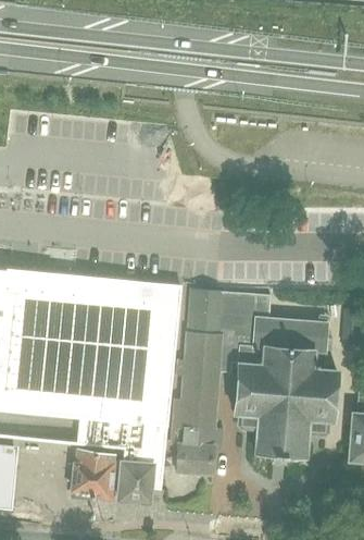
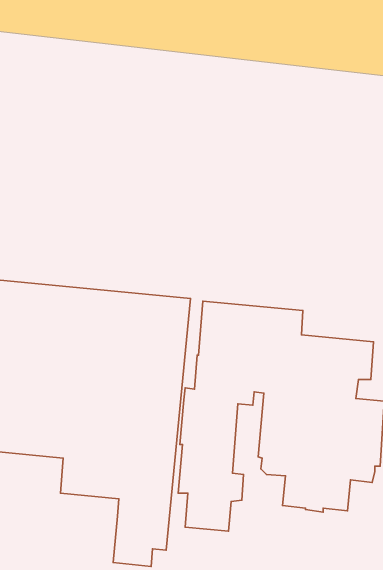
building: [73,447,114,498] -> none

